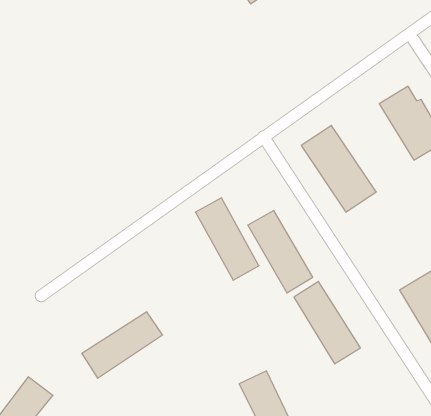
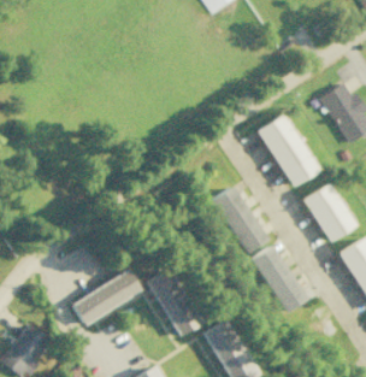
building: [195,198,259,280] -> [147,269,200,337]
building: none -> [302,183,356,242]

